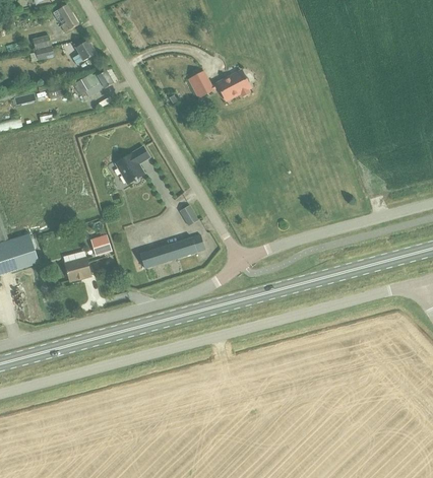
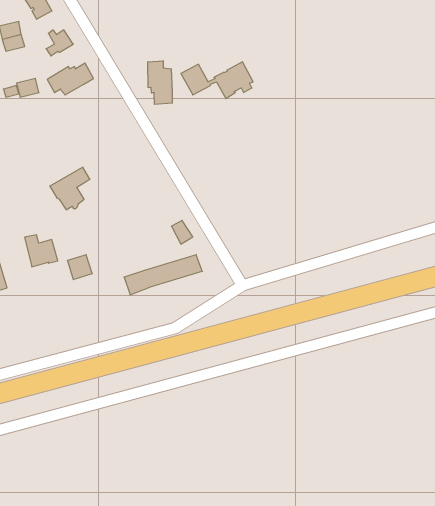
building: none -> [148,61,172,104]
building: [114,146,148,183] -> [50,167,90,210]
building: [63,254,91,281] -> [25,235,58,267]

